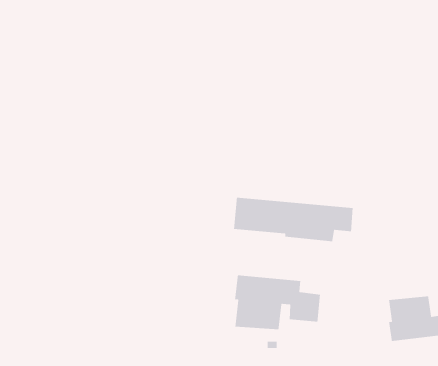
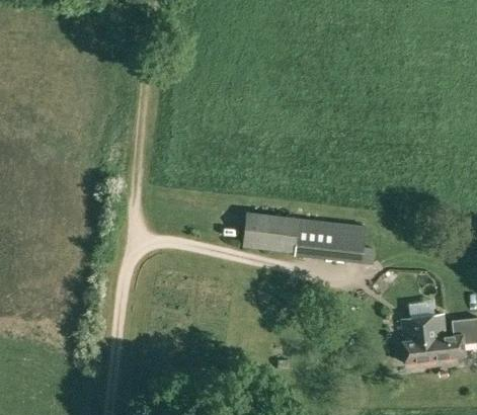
building: [234,275,321,330] -> none

